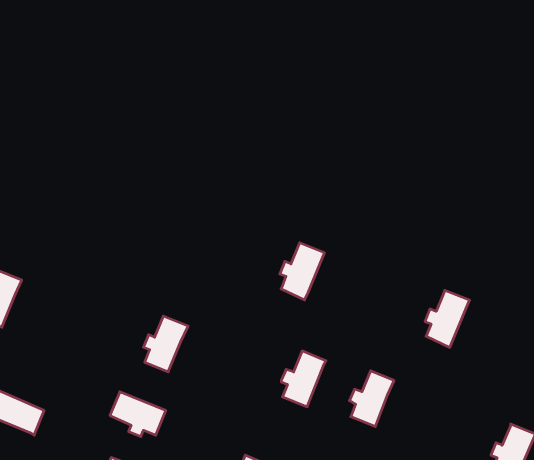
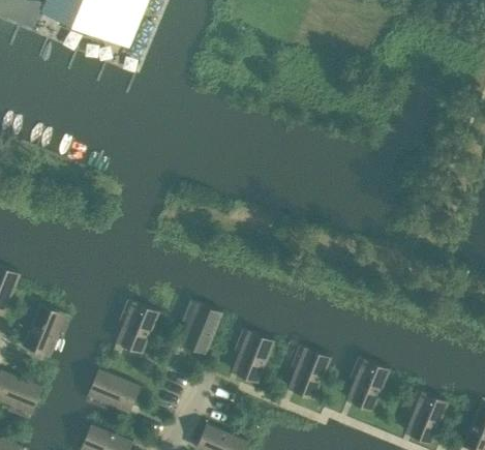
building: [280,243,324,300] -> [183,306,220,354]
building: [425,290,470,347] -> [351,363,388,411]
building: none -> [22,306,58,354]

